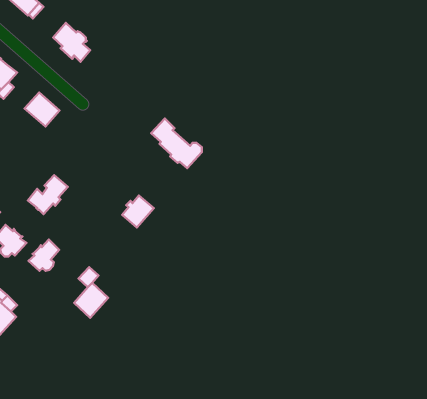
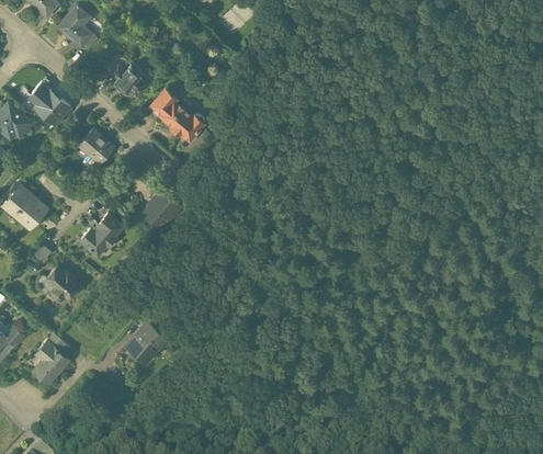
building: [151,119,202,168] -> [152,88,205,139]
building: [122,196,154,227] -> [146,192,179,225]
building: [28,240,59,271] -> none

